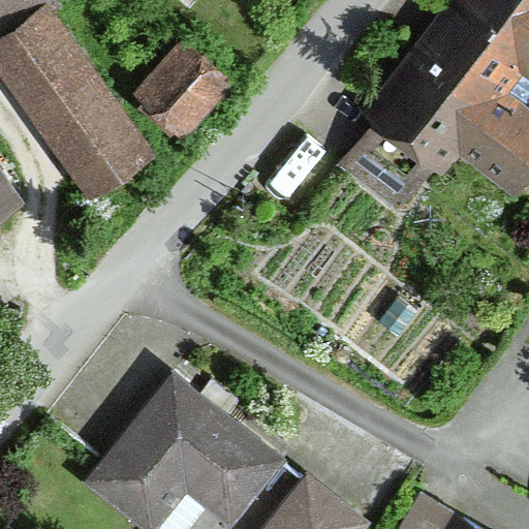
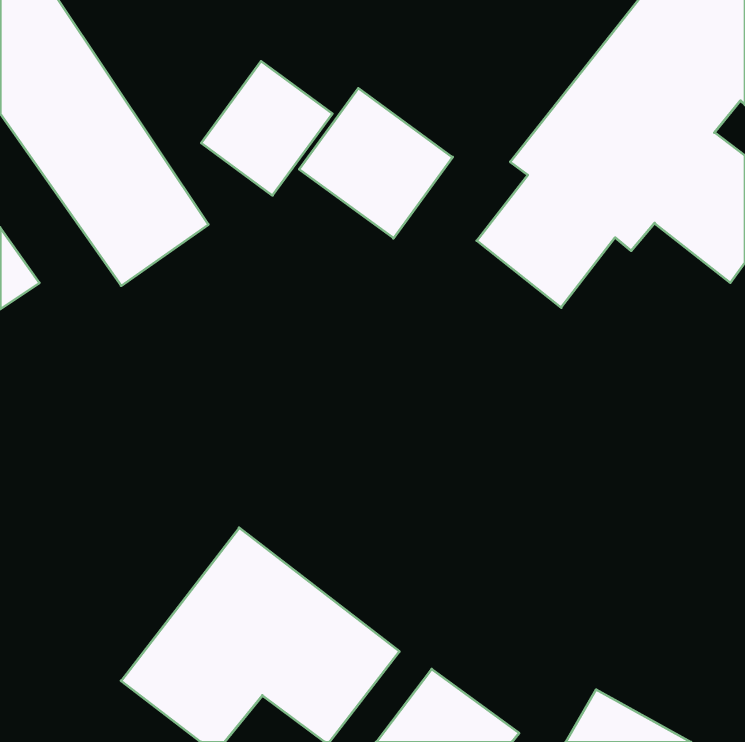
building: none -> [299,88,453,238]

